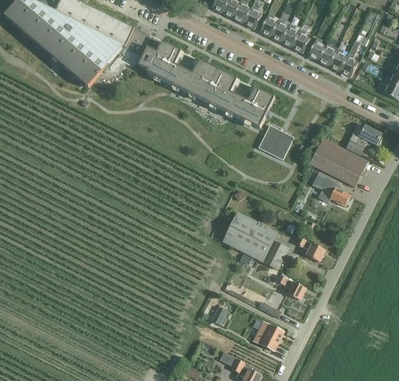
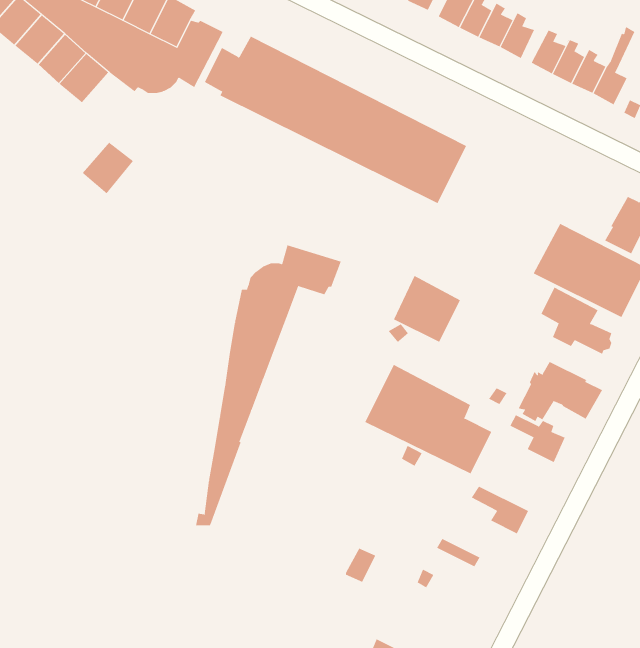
building: [75,60,102,87] -> [82,142,134,194]
building: [258,124,293,159] -> [393,275,461,343]
building: none -> [196,245,341,526]
building: none -> [518,361,603,422]
building: [253,321,284,350] -> none

